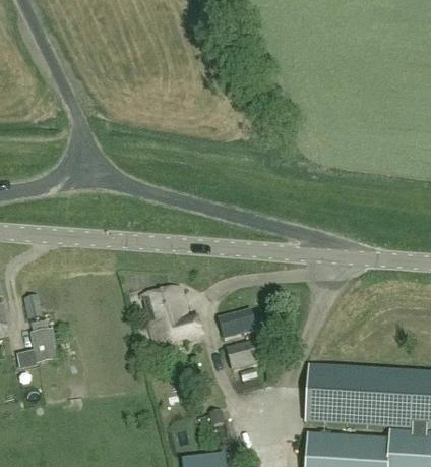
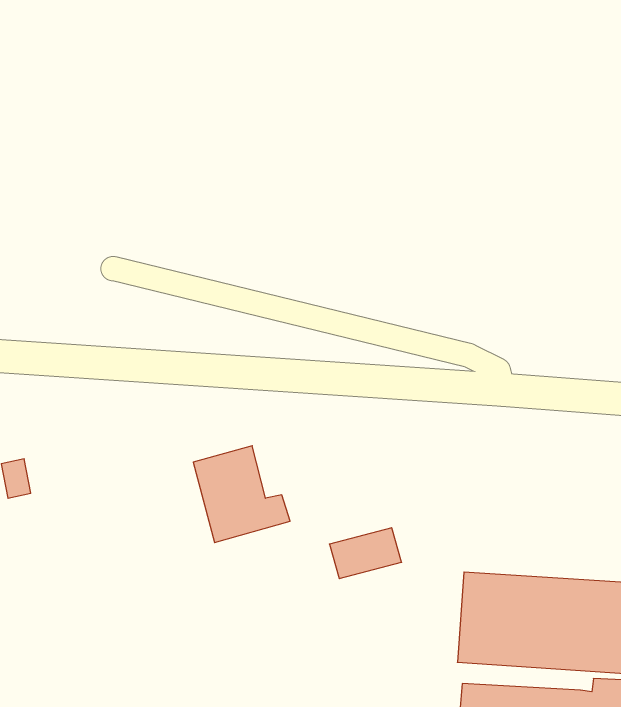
building: [217,307,256,340] -> none
building: [28,329,58,364] -> none

